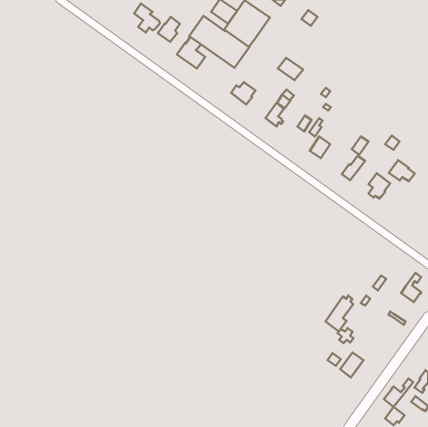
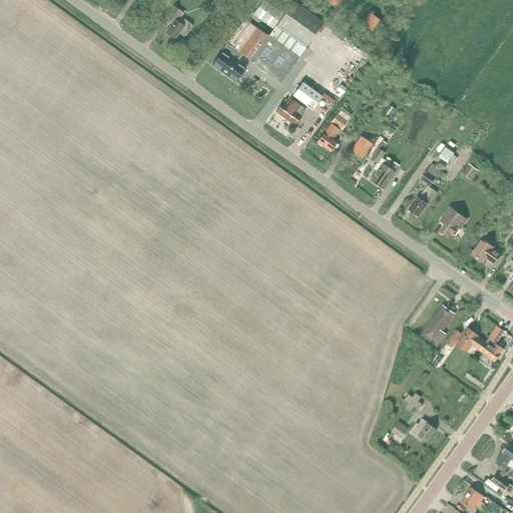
building: [158,17,180,42] -> none
building: [278,58,303,80] -> [293,82,323,109]
building: [389,160,415,181] -> [471,238,502,264]
building: none -> [457,328,486,353]
building: [325,296,353,332] -> [422,304,455,347]
building: [384,379,413,407] -> none

